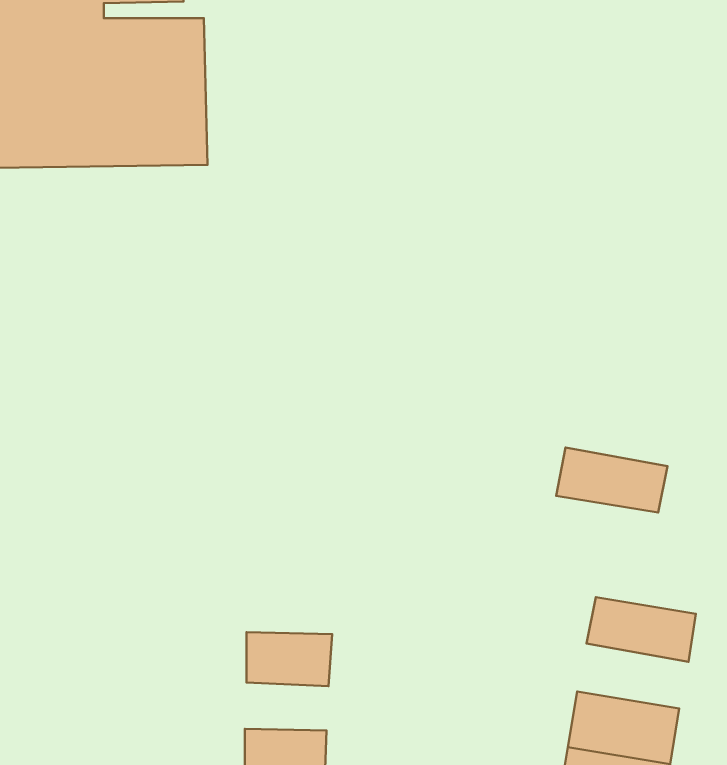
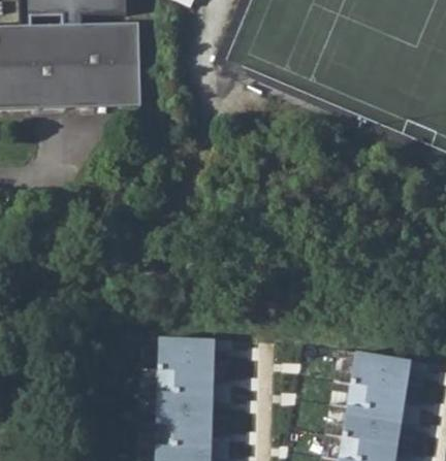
building: [556,448,668,513] -> [346,371,408,407]
building: none -> [162,334,211,366]
building: none -> [161,393,208,420]

